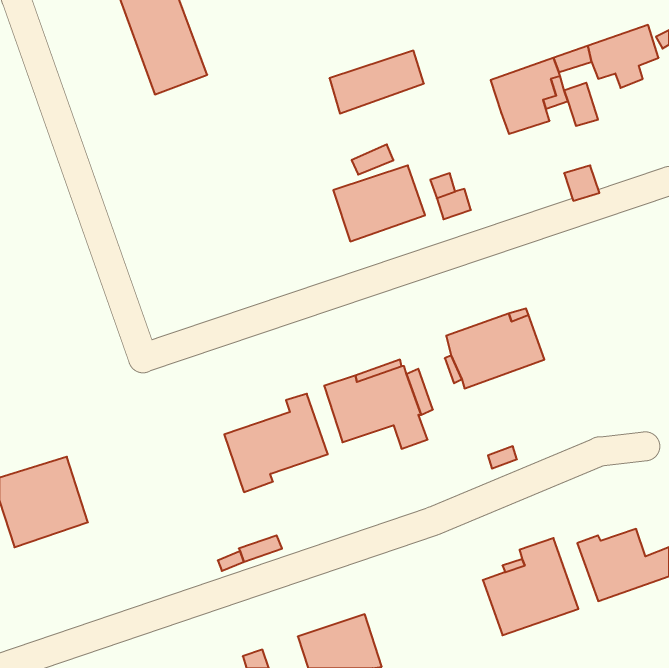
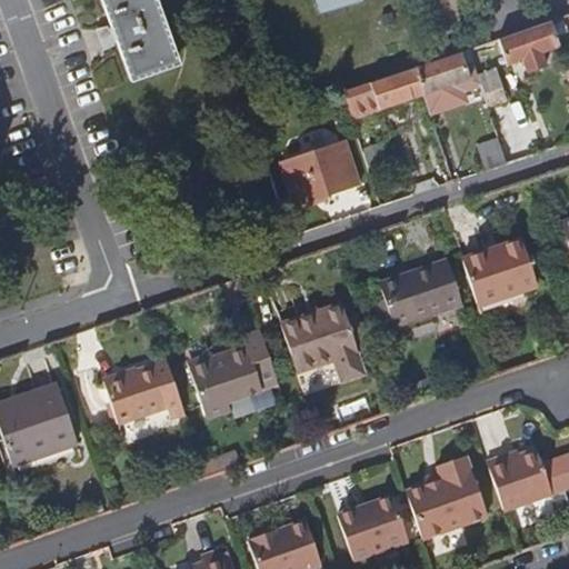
building: [329,51,424,114] -> [345,68,425,121]
building: none -> [462,241,538,307]
building: none -> [101,360,184,422]
building: none -> [341,496,411,560]

